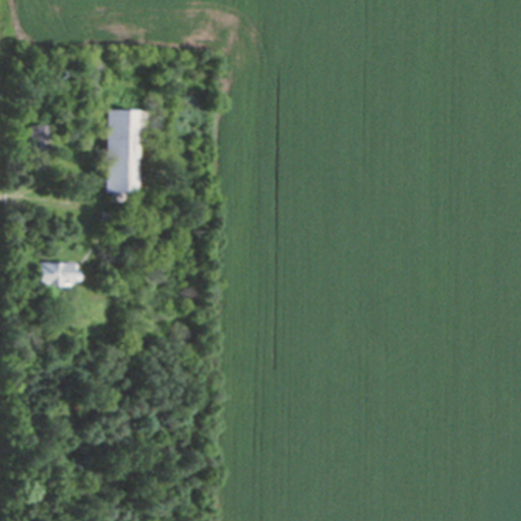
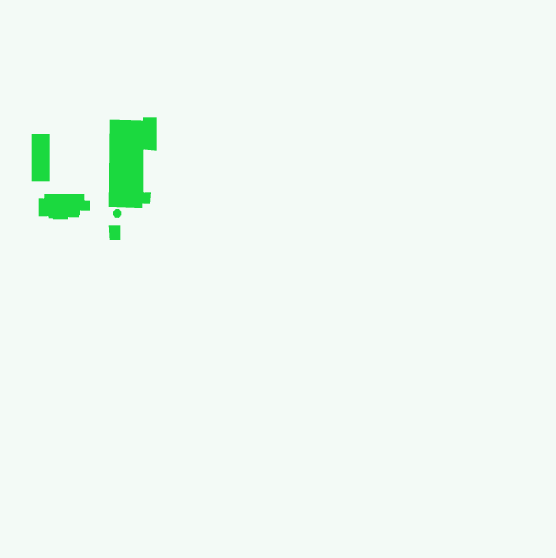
building: [35,263,83,287] -> [38,194,91,220]

